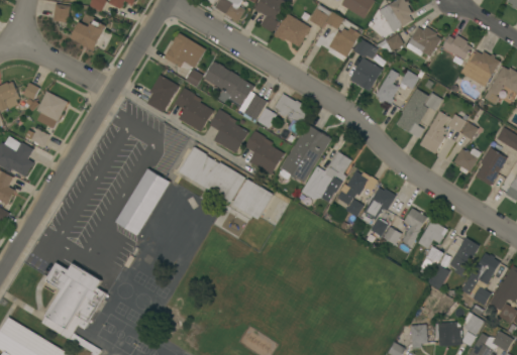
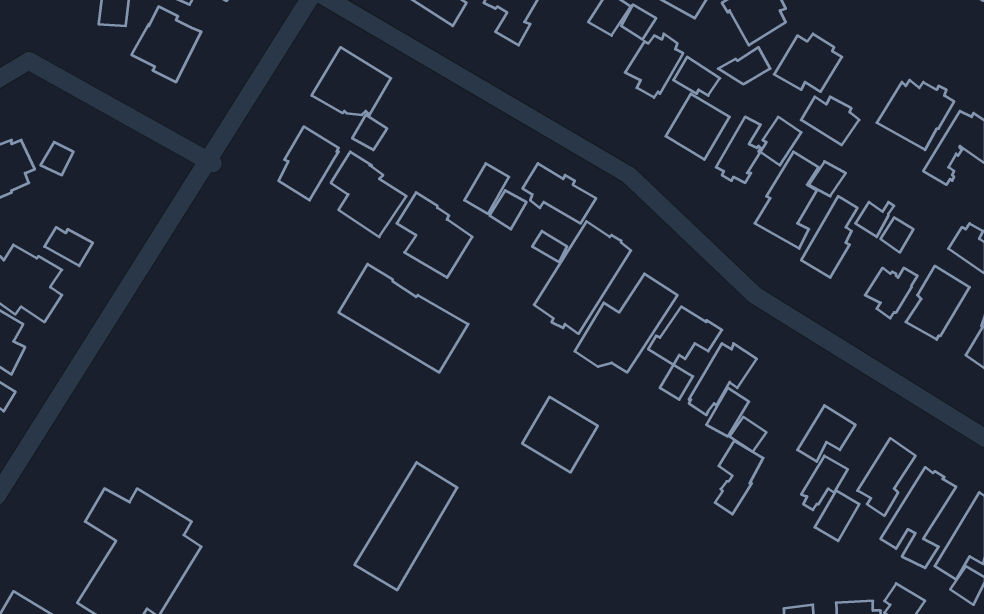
building: [274,13,311,46] -> none
building: [442,35,473,61] -> [801,97,859,145]
building: [204,62,255,106] -> none
building: [35,91,69,128] -> none
building: [245,130,285,174] -> none
building: [116,168,170,235] -> [355,462,457,590]
building: [233,179,273,218] -> [522,397,598,472]
building: [402,208,427,246] -> [715,441,763,514]

